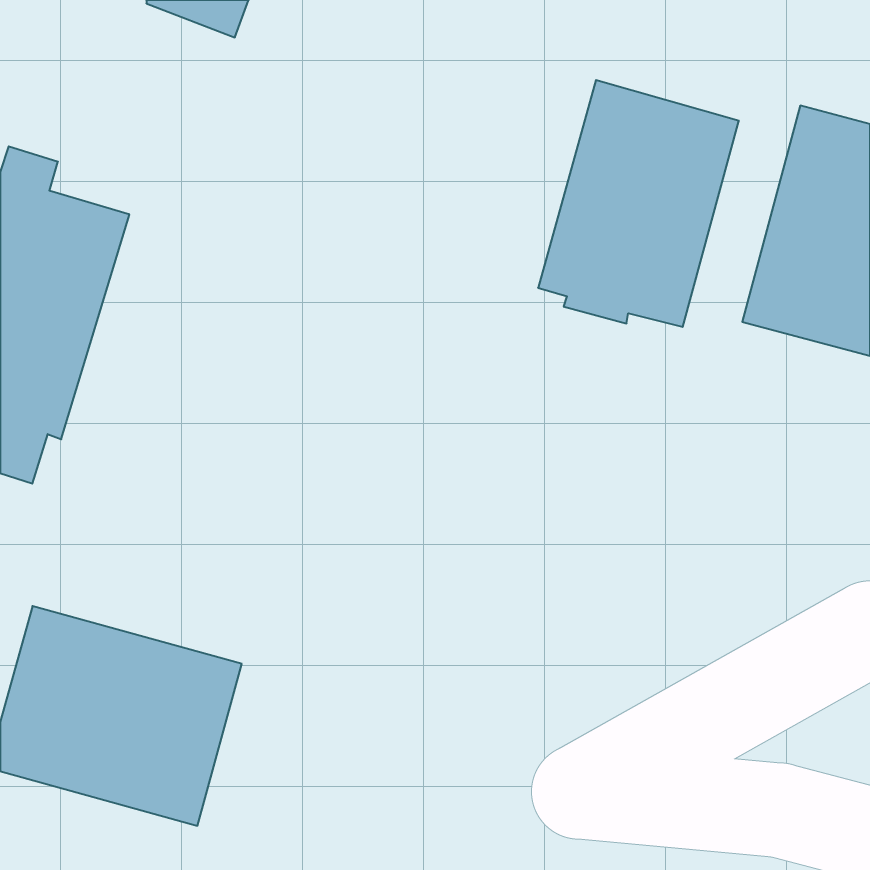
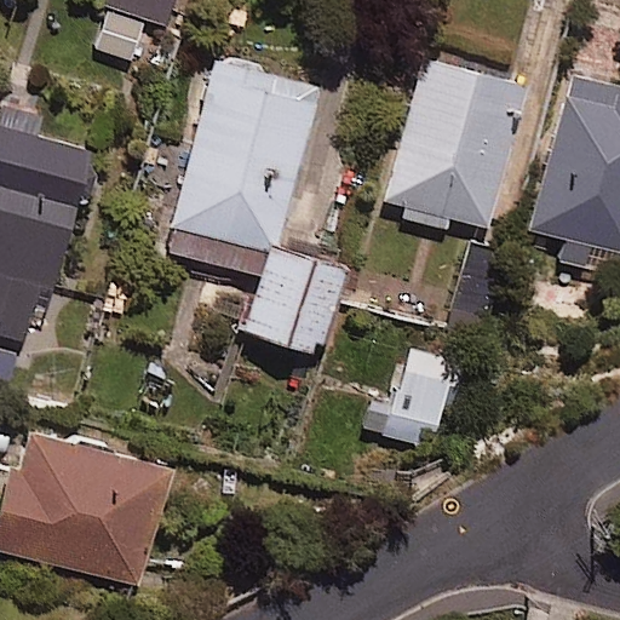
building: none -> [165,61,345,355]
building: none -> [378,346,458,449]

